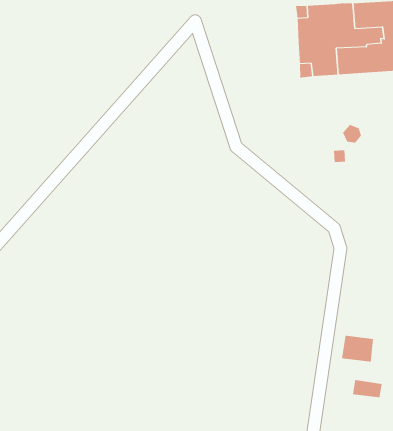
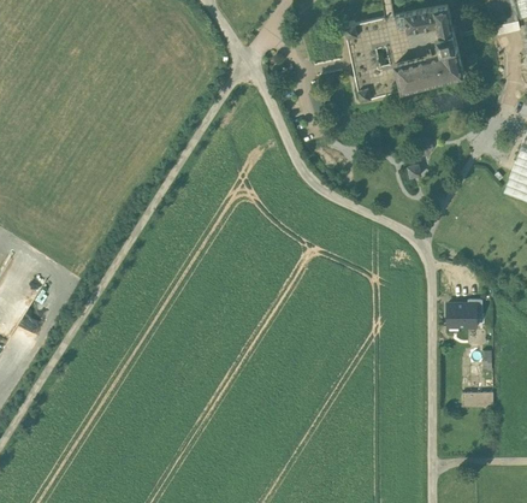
building: [341,335,374,362] -> [445,302,476,327]

